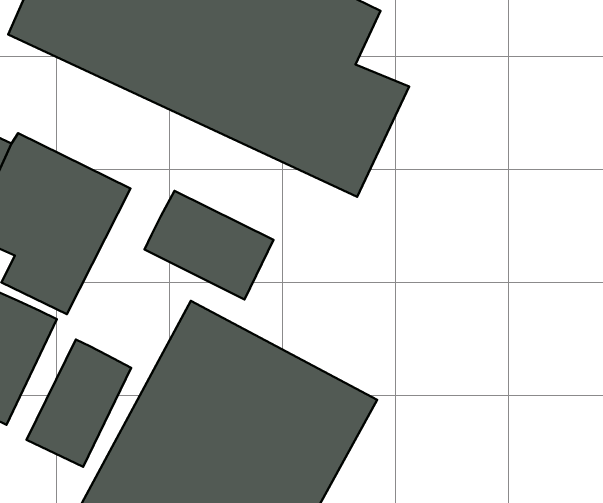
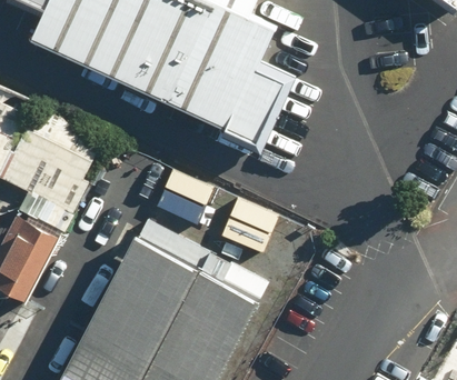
building: [144,191,274,299] -> none
building: [27,340,131,467] -> none

